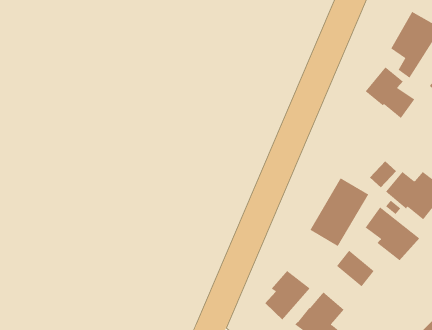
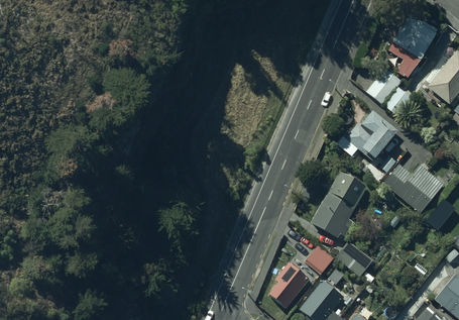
building: none -> [345,110,399,161]
building: [365,206,420,261] -> none
building: none -> [307,245,335,273]

